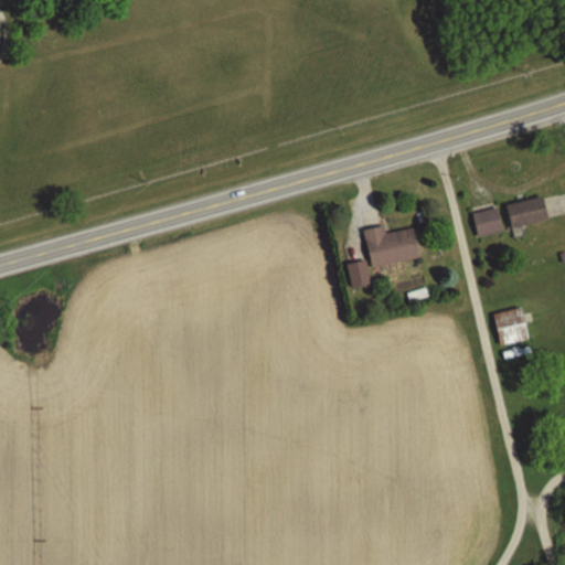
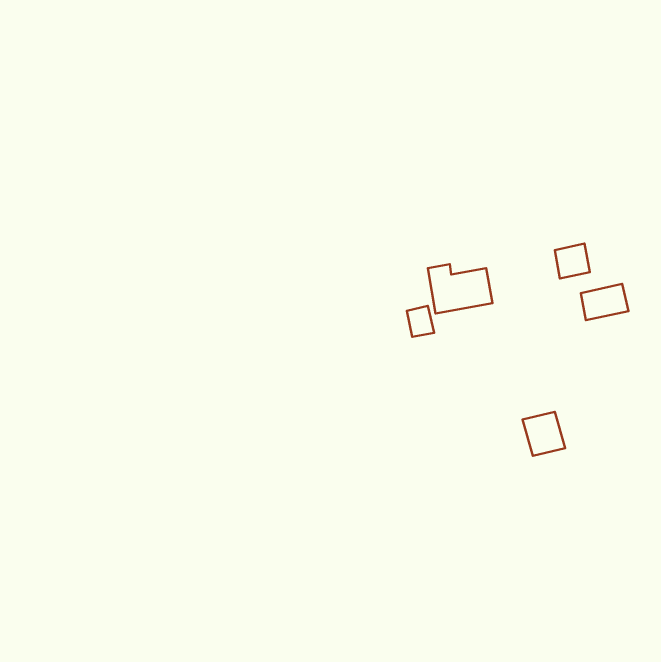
building: [508,196,548,227] -> [581,284,629,320]
building: [493,308,530,345] -> [522,412,565,456]

